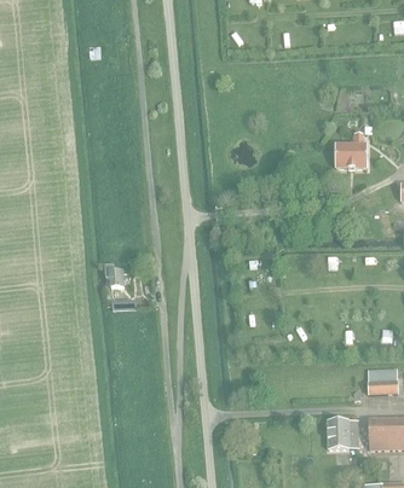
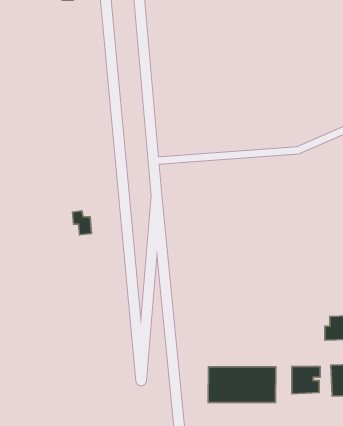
building: [336,132,367,167] -> none
building: none -> [208,367,276,402]

